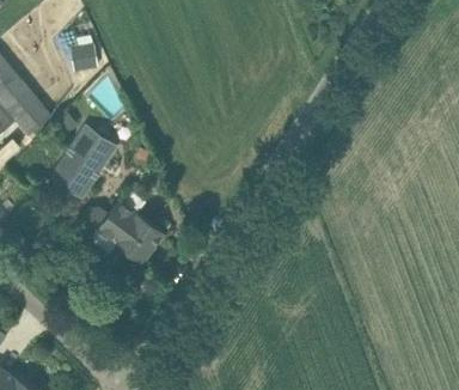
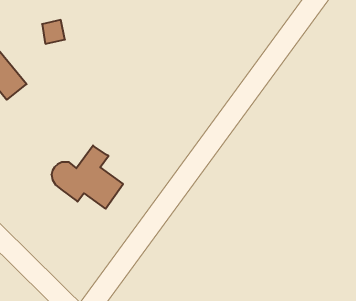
building: [60,130,112,199] -> none

